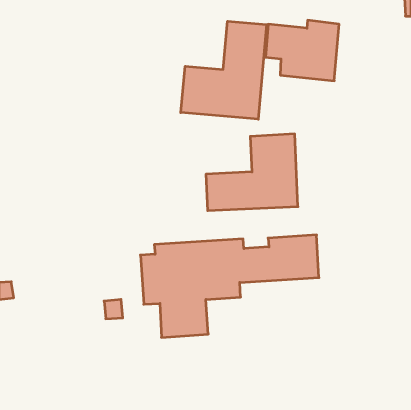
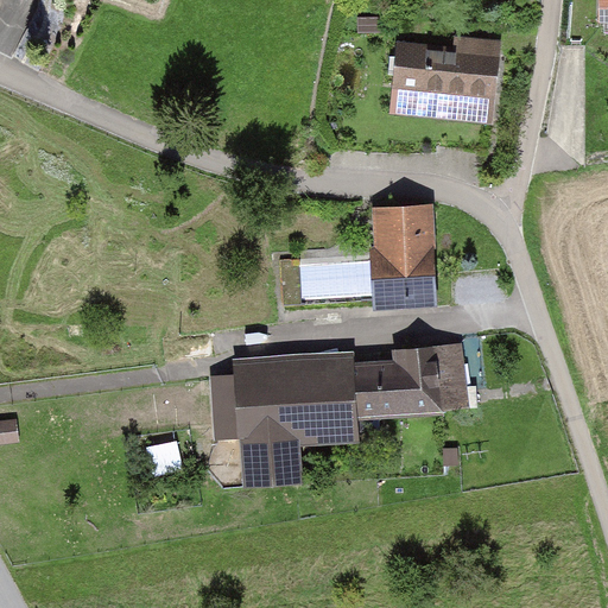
building: [181,21,266,119] -> none

